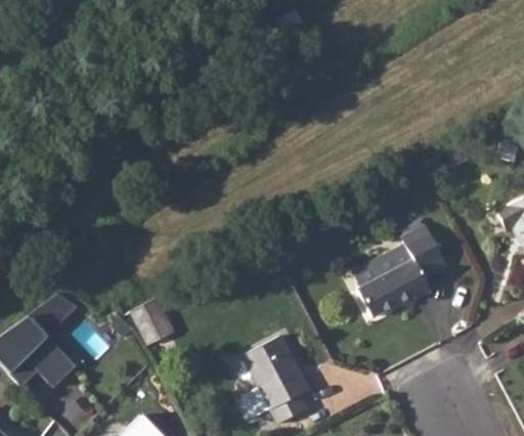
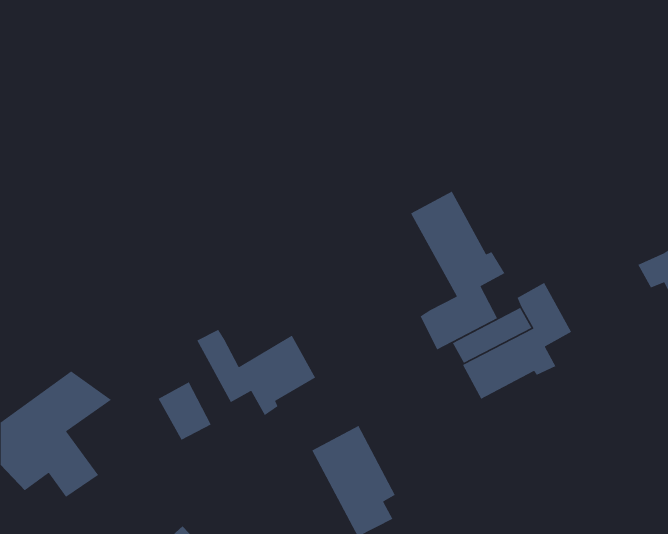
building: none -> [410,191,505,350]
building: none -> [196,329,316,416]

